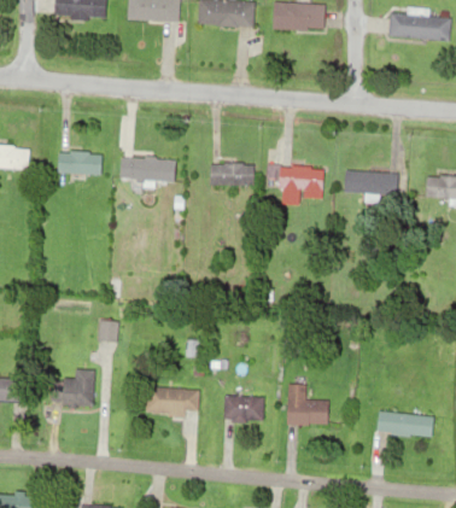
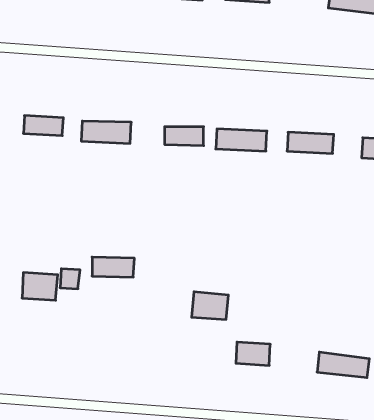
building: [53,376,92,407] -> [22,273,58,300]
building: [152,387,198,409] -> [92,257,134,277]
building: [222,392,262,422] -> [192,292,228,319]

